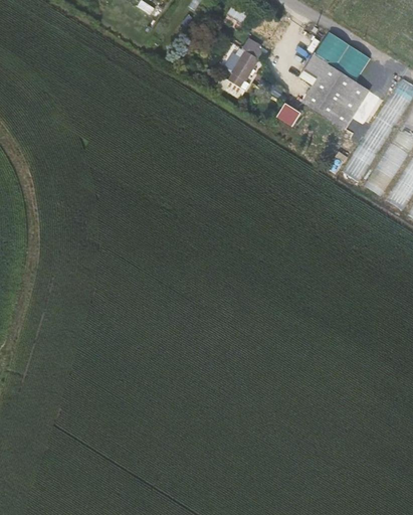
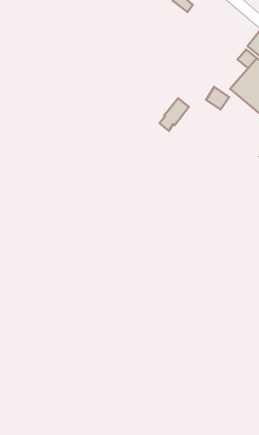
building: [228,49,258,87] -> [160,98,189,131]

